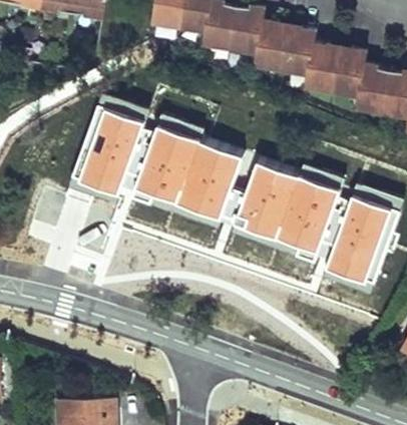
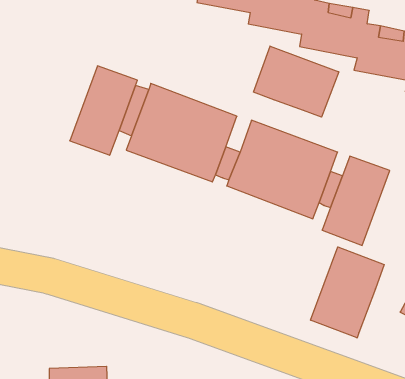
building: none -> [253,46,339,117]
building: none -> [311,247,384,338]

